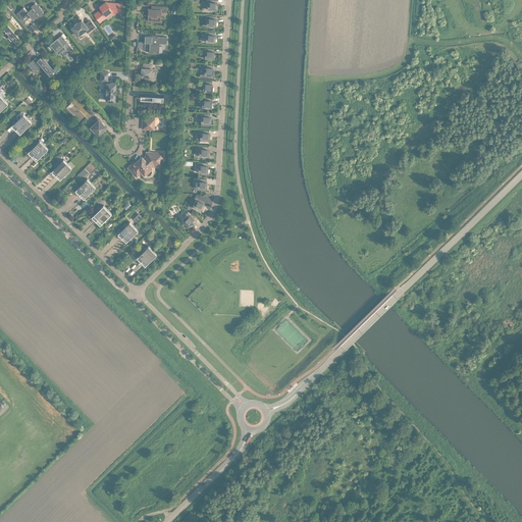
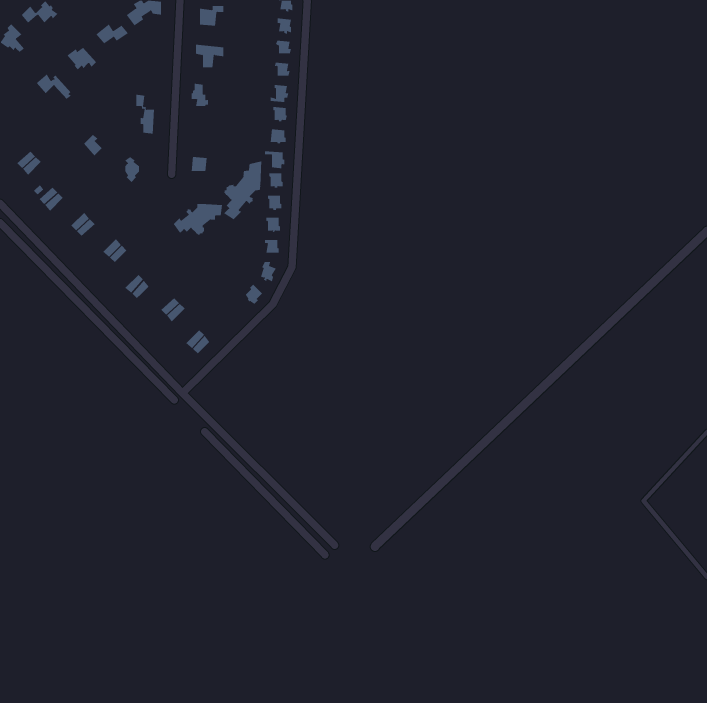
building: none -> [223,161,262,220]

